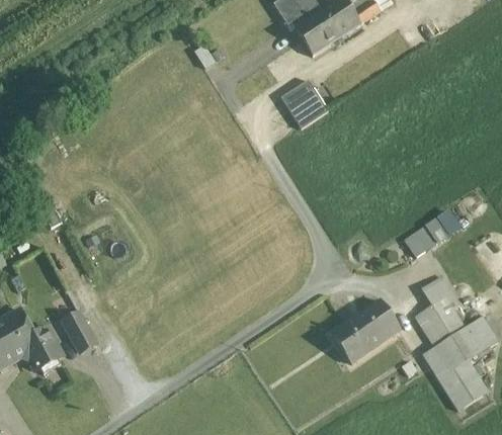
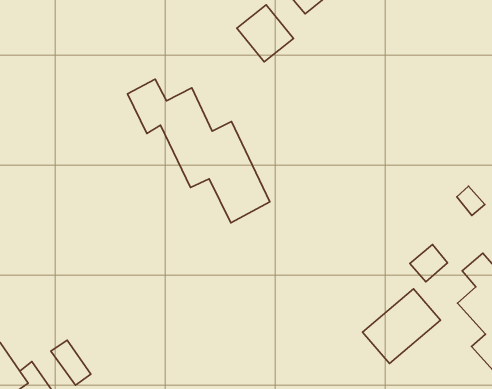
building: [280,79,328,127] -> [237,5,293,62]
building: none -> [127,79,270,223]
building: [404,225,436,256] -> [410,244,448,282]

